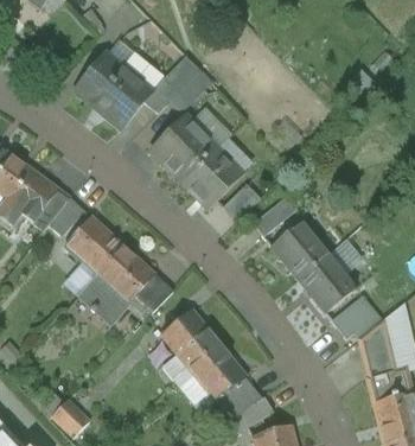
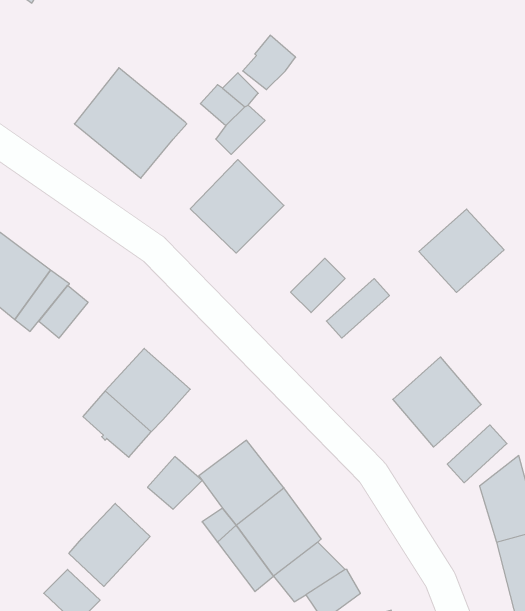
building: [142,74,179,112] -> [243,35,296,90]
building: [186,148,243,205] -> none
building: [65,218,122,274] -> none
building: [269,222,328,280] -> [419,209,504,292]
building: [135,273,173,310] -> [148,457,202,509]
building: none -> [69,503,150,586]

